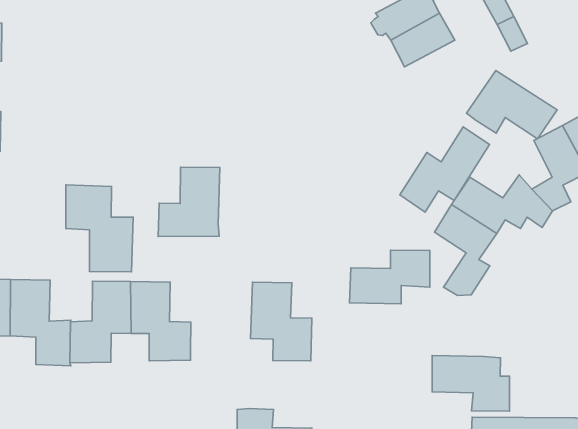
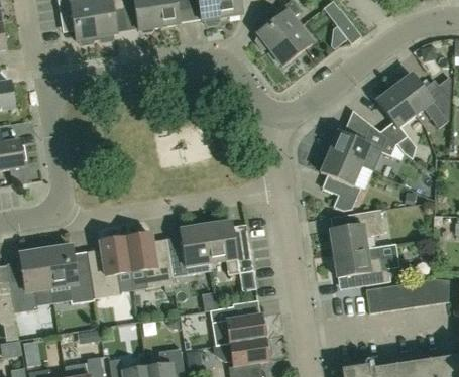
building: [467,70,557,139] -> none
building: [400,127,490,212] -> none
building: [158,167,220,236] -> [169,224,213,276]
building: [66,185,133,272] -> none
building: [350,250,430,304] -> [330,209,384,252]

